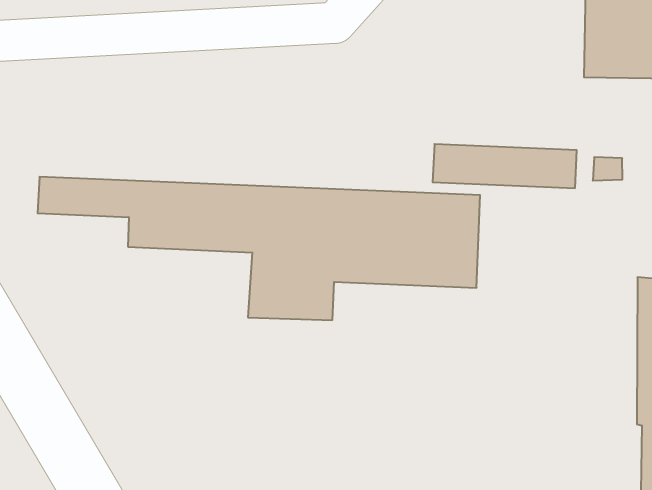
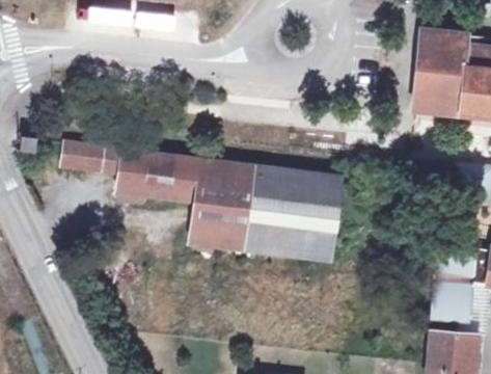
building: [433,144,577,188] -> [242,224,334,260]

